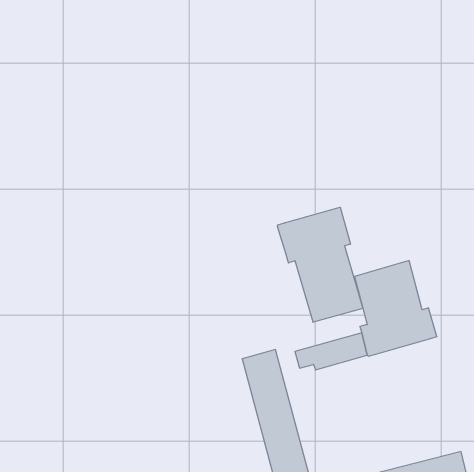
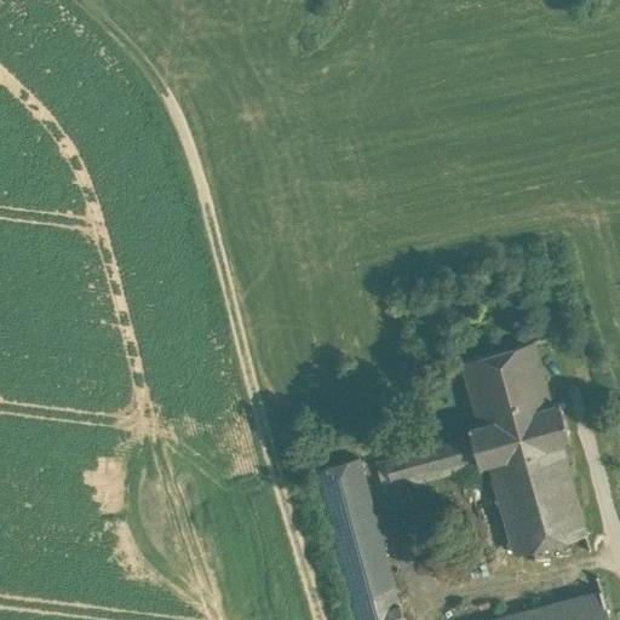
building: [278,207,363,322] -> none
building: none -> [490,444,586,555]

